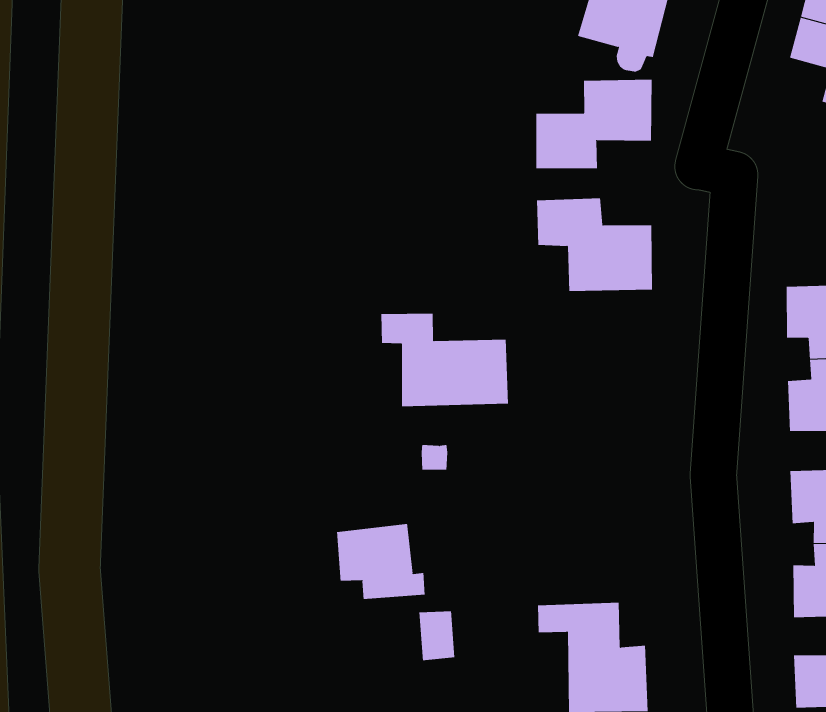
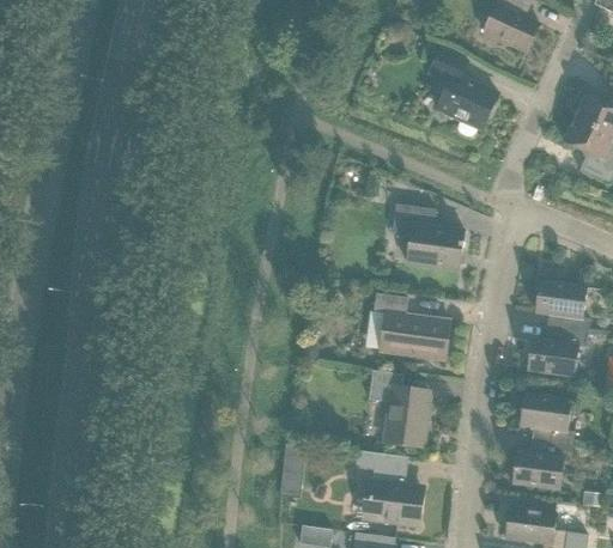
building: [536,79,652,169] -> none
building: [381,313,509,407] -> [374,293,450,360]
building: none -> [369,371,431,444]
building: [336,523,425,600] -> none

